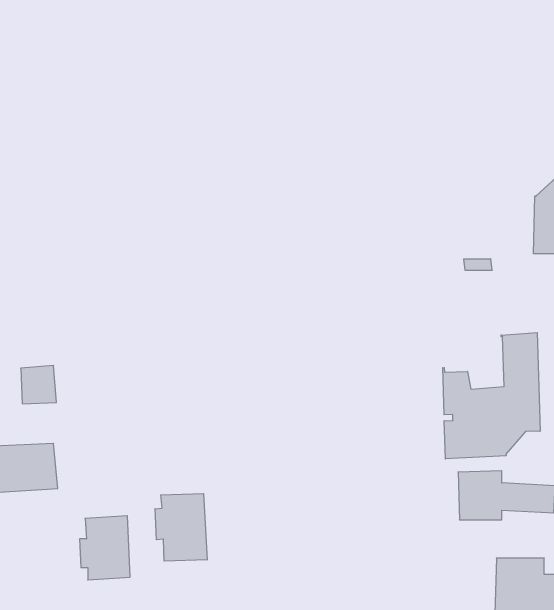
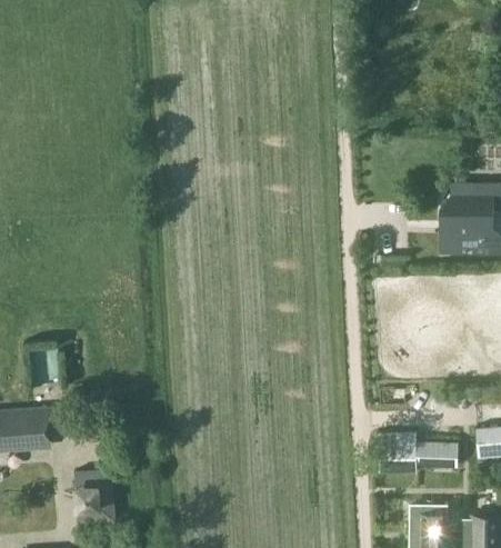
building: [443,333,540,459] -> none
building: [155,494,207,561] -> none

